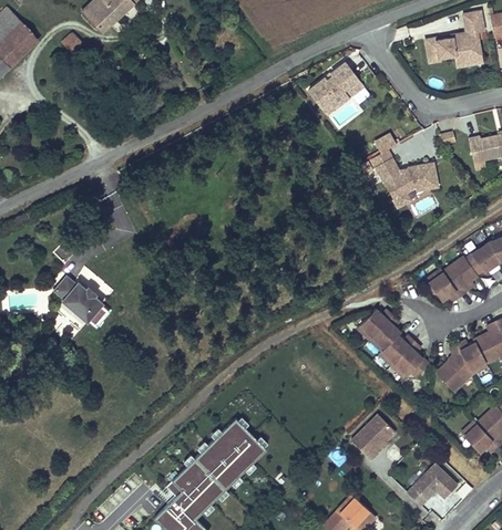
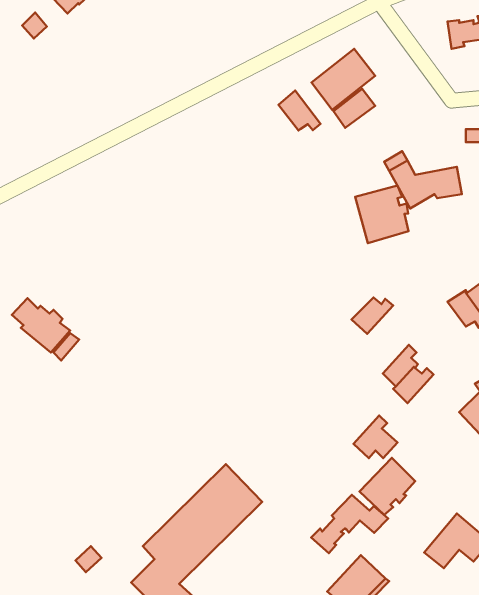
building: none -> [278,91,320,130]
building: none -> [355,185,409,243]
building: [357,309,392,340] -> [352,298,393,334]
building: [391,341,429,377] -> [353,415,397,458]
building: none -> [311,495,388,553]

